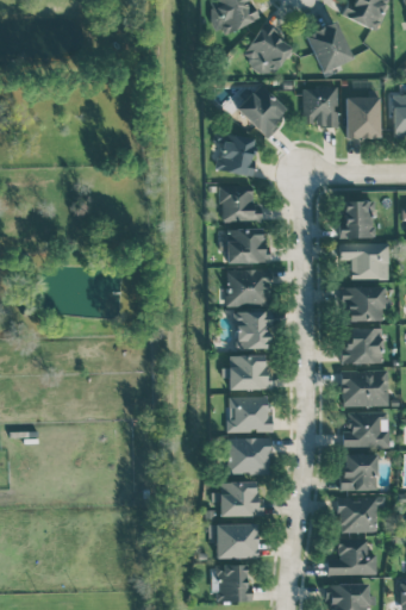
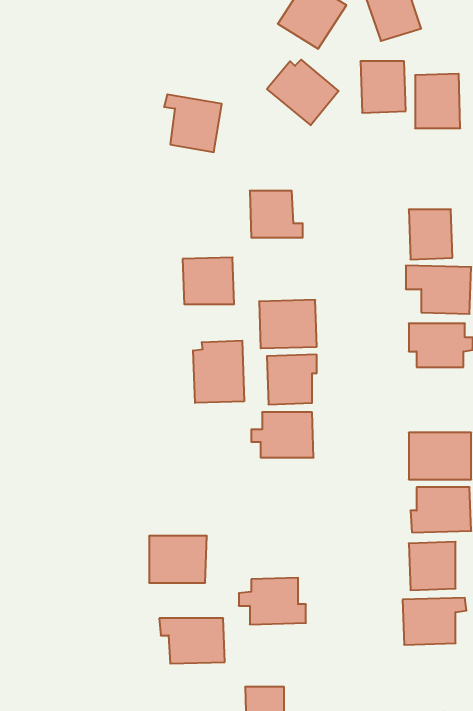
building: [213,132,257,176] -> [164,94,222,152]
building: [226,228,266,263] -> [183,257,234,304]
building: none -> [193,341,244,403]
building: [343,328,383,363] -> none
building: [229,397,273,432] -> none
building: [227,438,271,474] -> [149,536,207,583]
building: [208,524,258,559] -> [159,618,225,664]
building: [327,536,377,575] -> none

